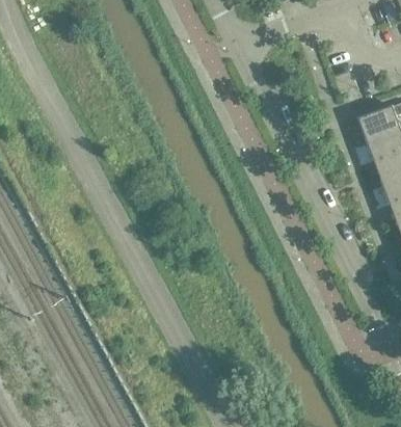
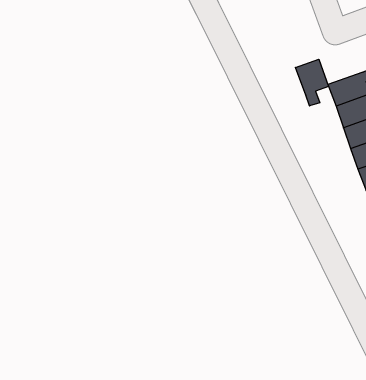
building: none -> [295,59,329,106]

